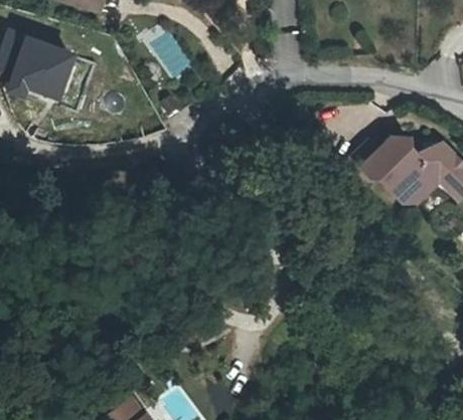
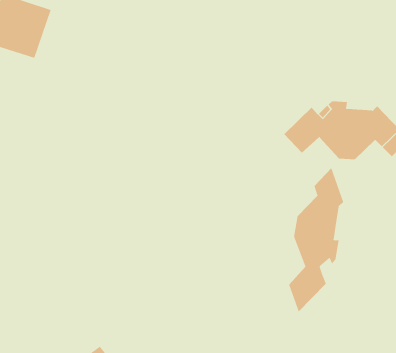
building: none -> [288,167,344,312]

